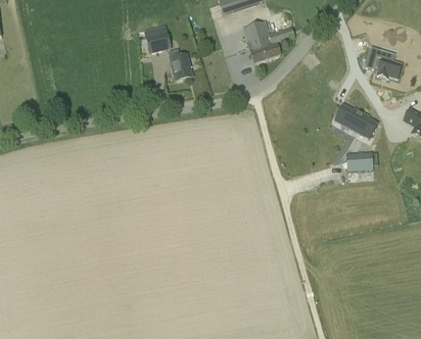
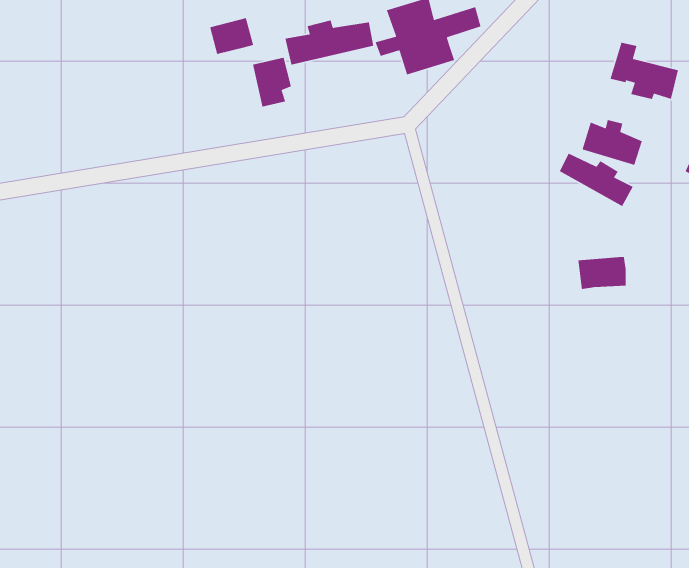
building: none -> [285,19,374,65]
building: none -> [582,119,643,166]

